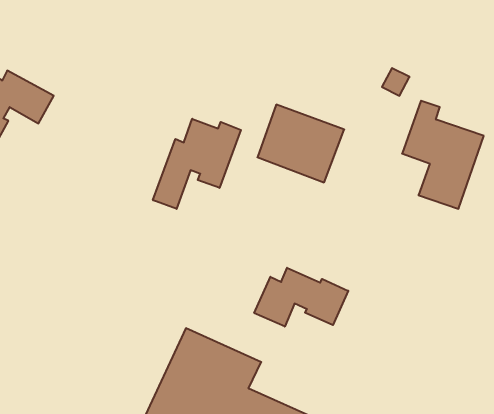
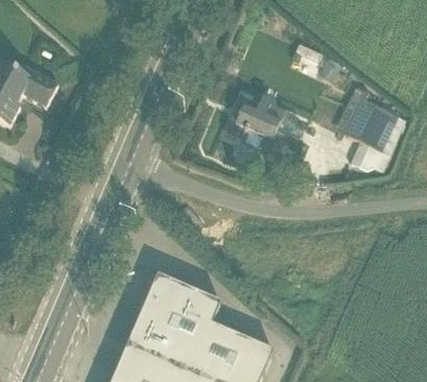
building: [153,119,241,209] -> none
building: [254,268,348,327] -> none

